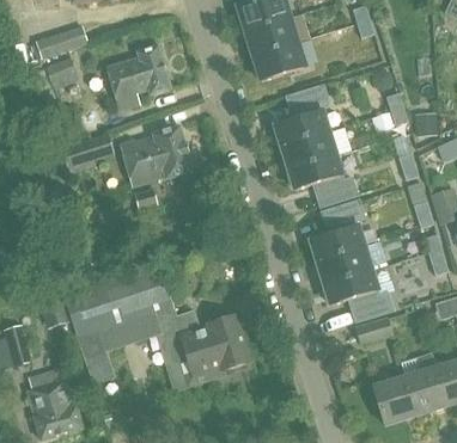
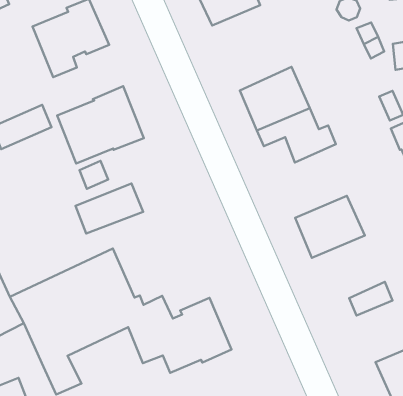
building: [275,85,329,139] -> none
building: [311,199,365,253] -> none
building: none -> [75,183,143,234]
building: [327,275,394,320] -> none

